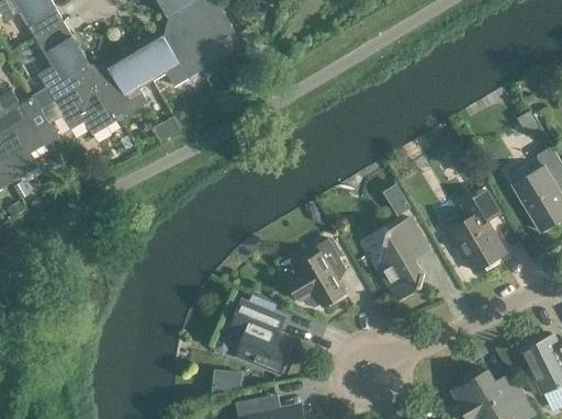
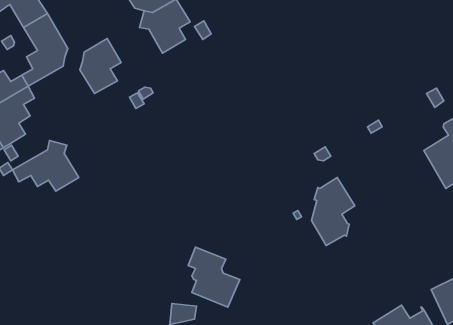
building: [136,36,202,86] -> none
building: [42,73,121,134] -> [13,141,79,191]
building: [445,190,506,271] -> none
building: [288,238,347,306] -> none

